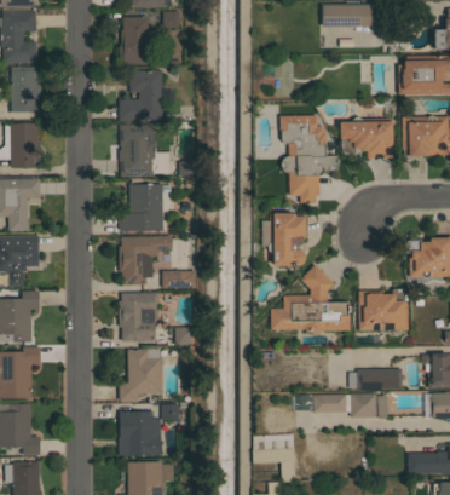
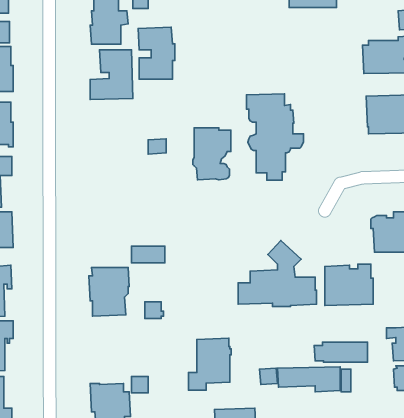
building: [340,117,393,159] -> none
building: [120,123,157,177] -> [138,27,175,79]
building: [120,184,163,231] -> none
building: [269,213,307,266] -> [193,128,231,180]
building: [119,236,172,286] -> none
building: [120,349,163,402] -> [189,338,231,390]

